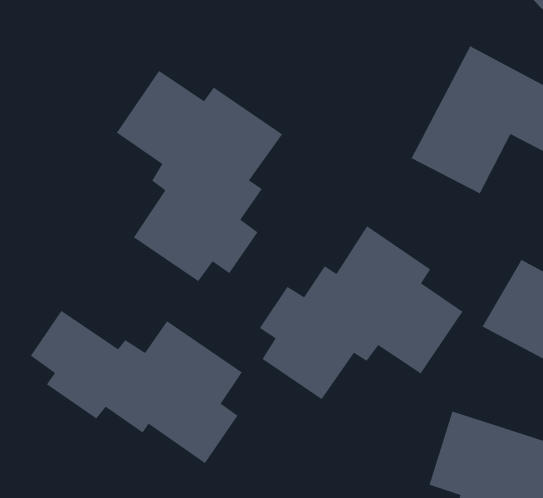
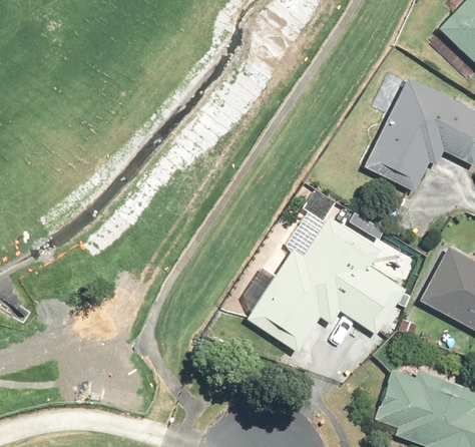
building: [116,70,283,282] -> none
building: [30,310,243,464] -> none

